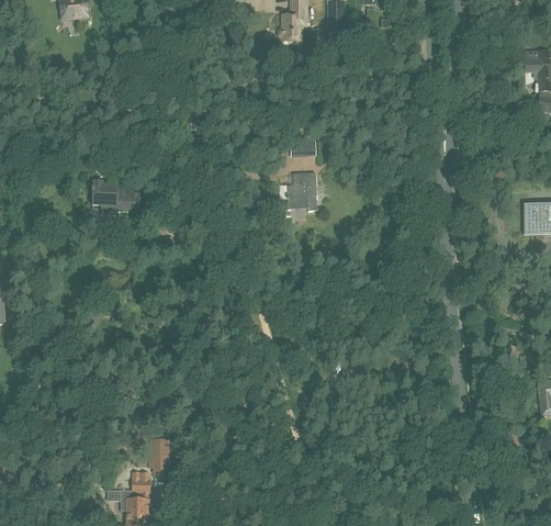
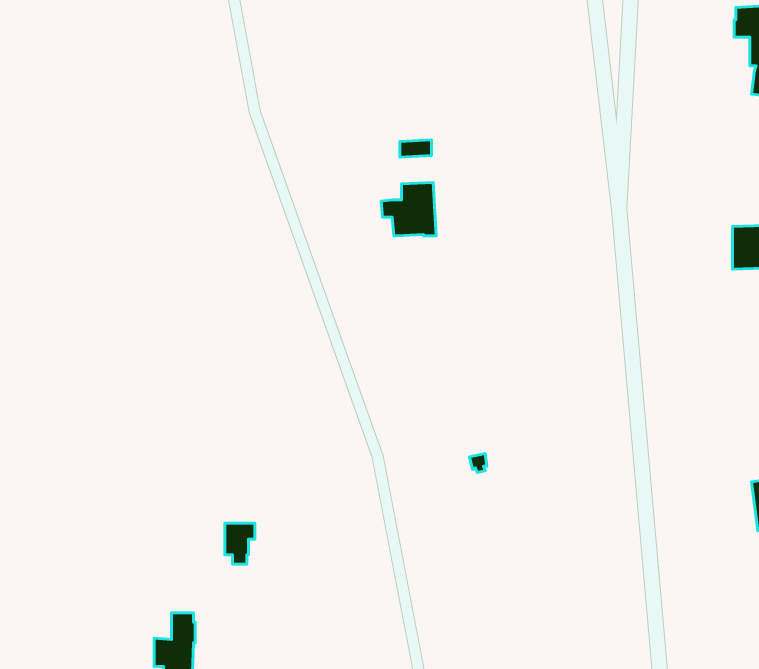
building: [91,180,139,213] -> none
building: [149,443,170,471] -> [225,523,255,564]

